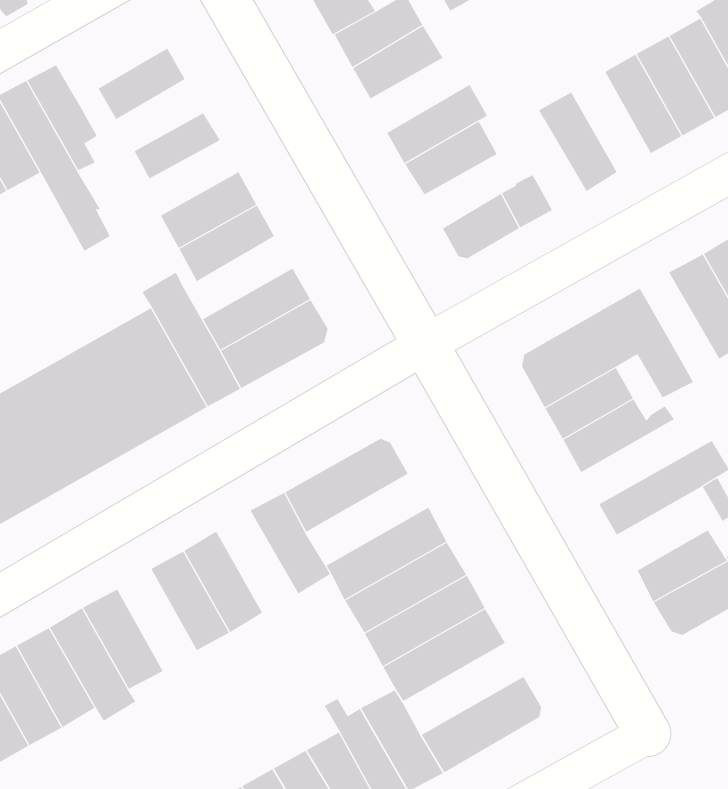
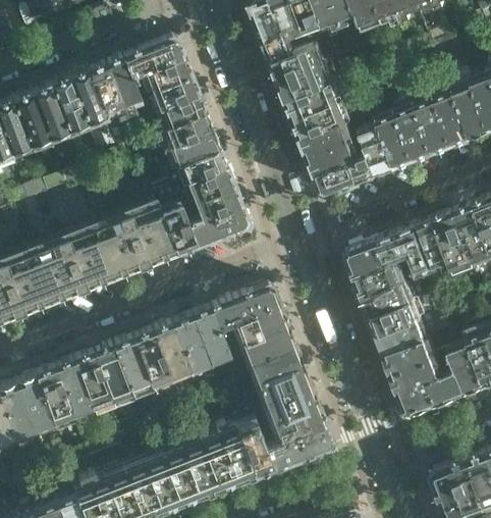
building: none -> [121,40,182,81]
building: none -> [287,86,342,123]
building: none -> [396,108,434,163]
building: none -> [149,79,197,113]
building: none -> [360,128,396,178]
building: none -> [158,114,211,150]
building: none -> [309,144,359,179]
building: none -> [172,170,232,209]
building: none -> [418,221,454,275]
building: none -> [371,297,444,341]
building: none -> [218,309,286,352]
building: none -> [385,343,435,379]
building: none -> [170,316,209,372]
building: none -> [112,340,150,396]
building: none -> [257,408,324,451]

